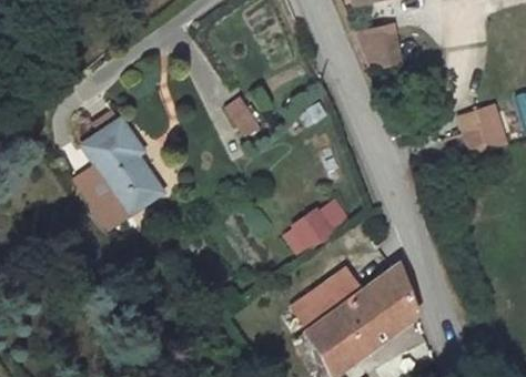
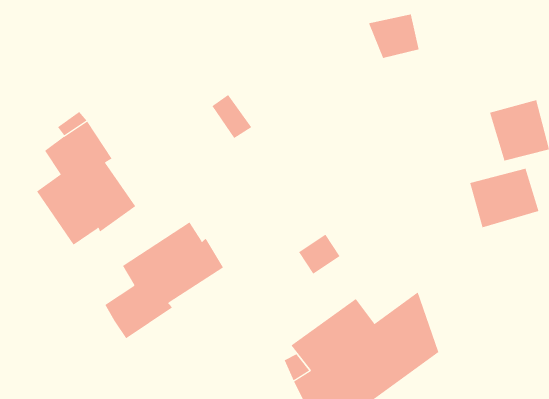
building: none -> [469,168,539,228]
building: none -> [105,221,224,339]

